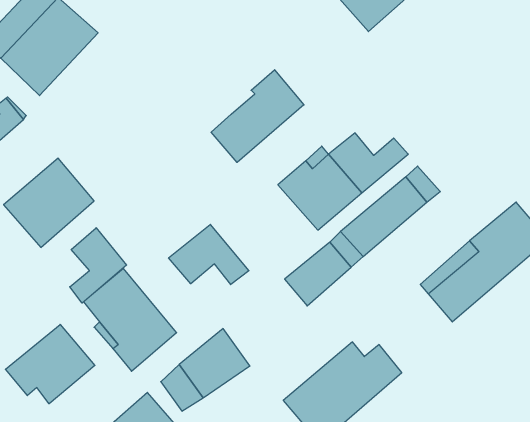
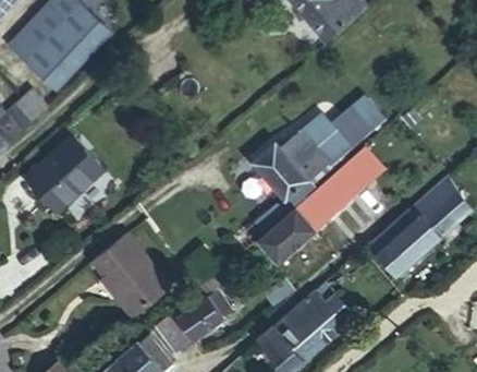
building: [211,70,304,162] -> none
building: none -> [341,86,395,139]
building: [169,224,249,285] -> none
building: [70,228,127,303] -> none
building: [5,324,95,404] -> none

